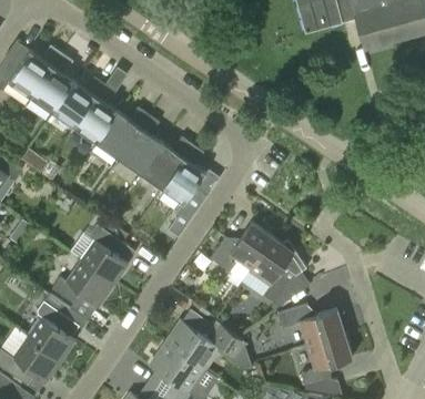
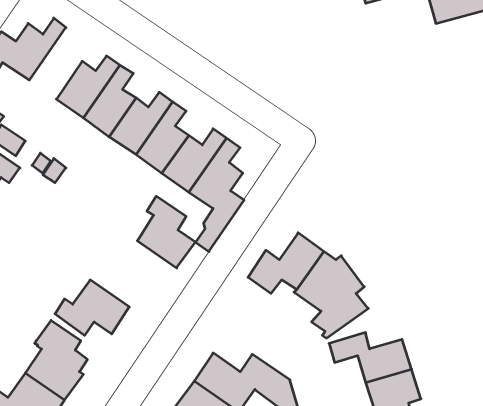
building: [30,53,73,112] -> none
building: [80,224,128,283] -> [137,196,195,268]

